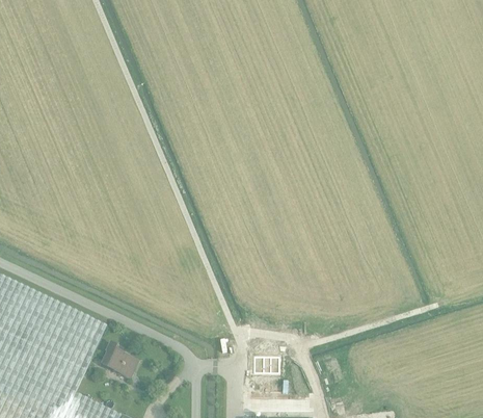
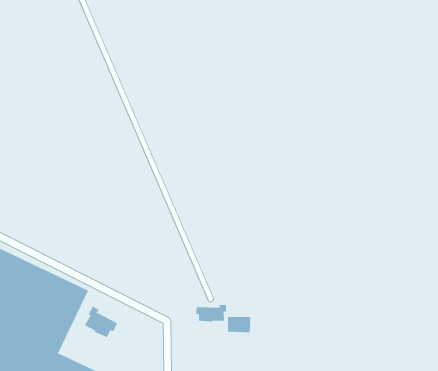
building: none -> [195,304,227,323]

